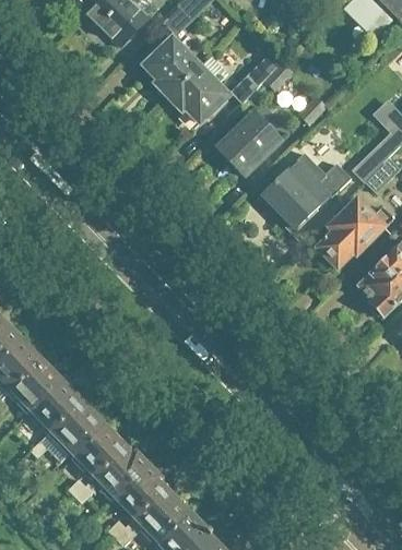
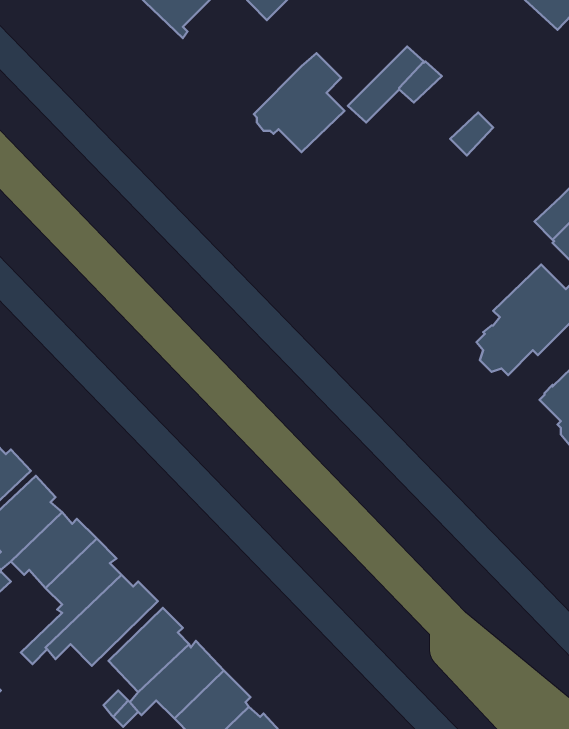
building: [144,36,200,96] -> none
building: [217,111,280,174] -> none
building: [261,151,351,230] -> none

